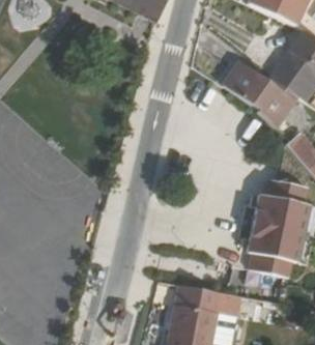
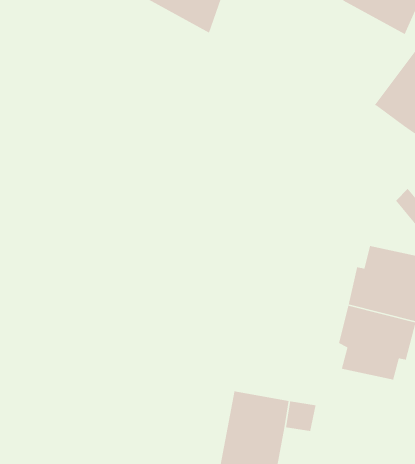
building: [223,61,295,124] -> none

